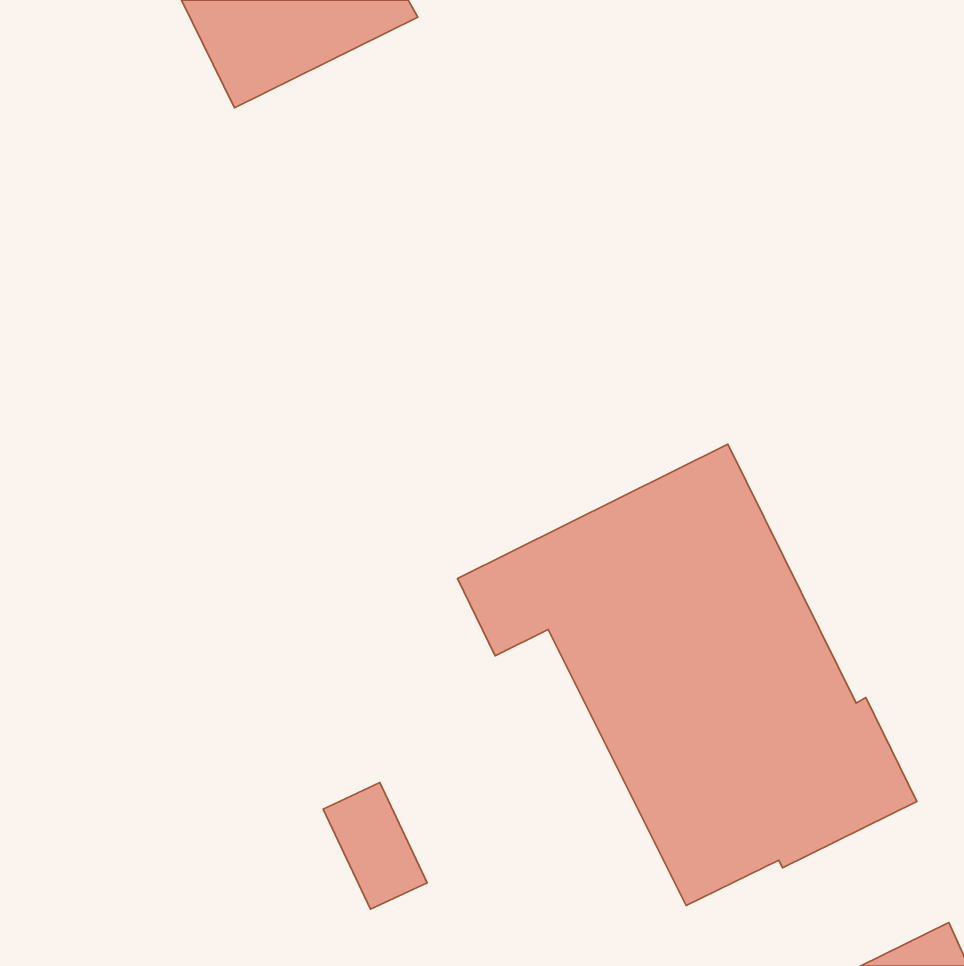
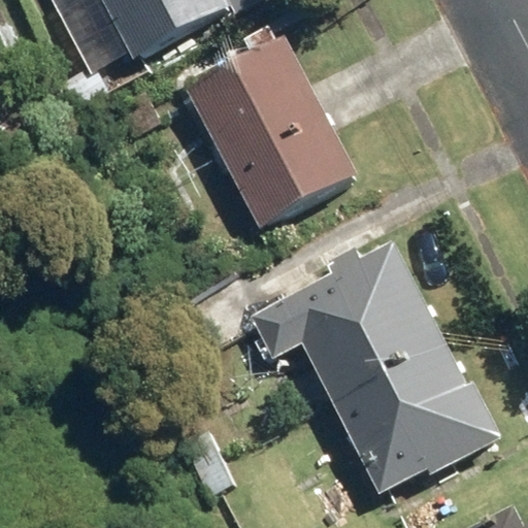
building: none -> [183,35,357,228]

